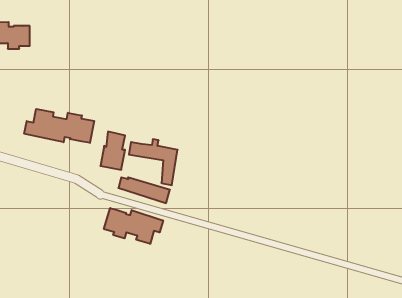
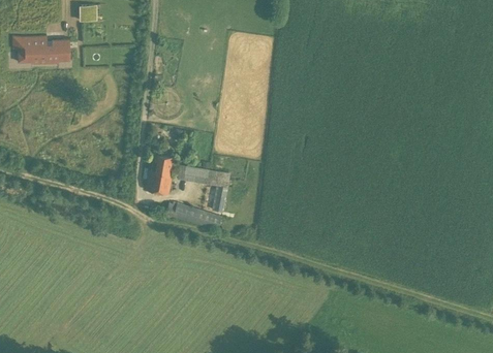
building: [24,109,94,143] -> none
building: [104,208,163,244] -> none

